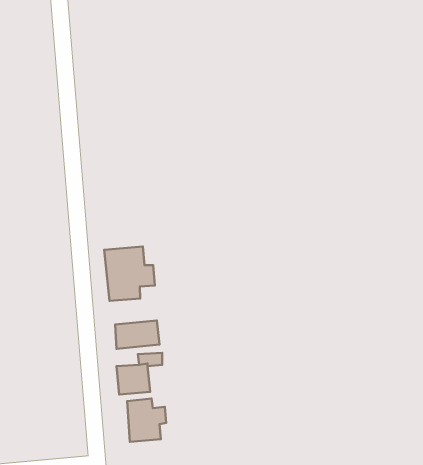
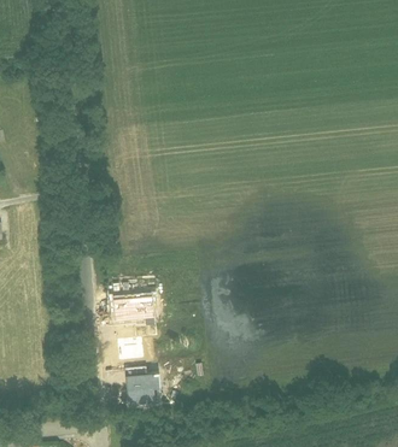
building: [104,246,155,301] -> none

